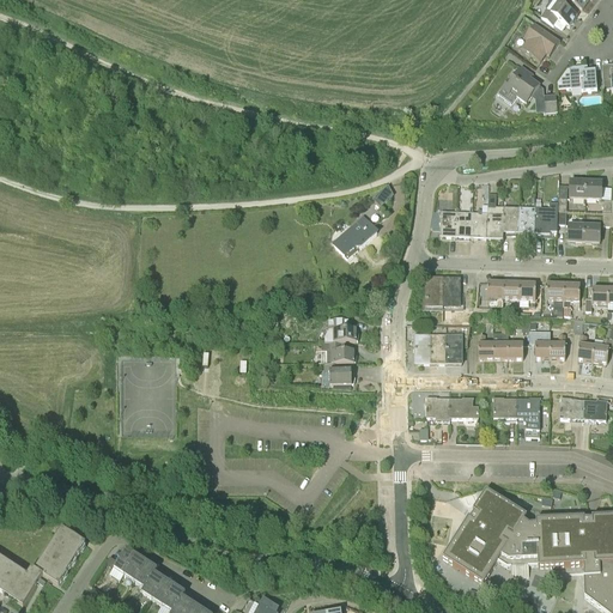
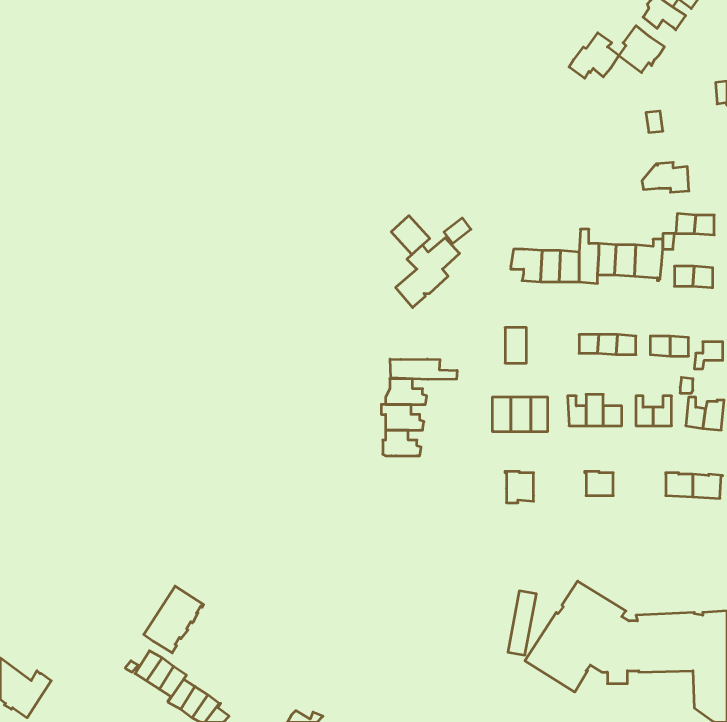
building: [497,65,539,103] -> [569,33,619,78]
building: [557,65,596,90] -> [642,162,689,192]
building: none -> [391,216,430,255]
building: [443,275,460,305] -> none
building: none -> [390,359,457,379]
building: [449,396,479,417] -> none
building: [516,397,539,437] -> none
building: [35,526,85,582] -> [144,586,204,653]

